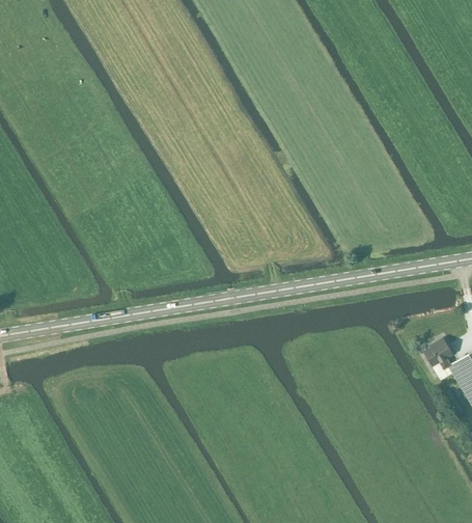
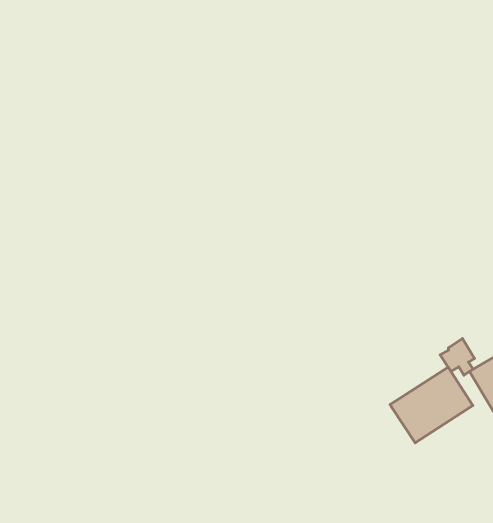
building: none -> [390,367,473,443]

